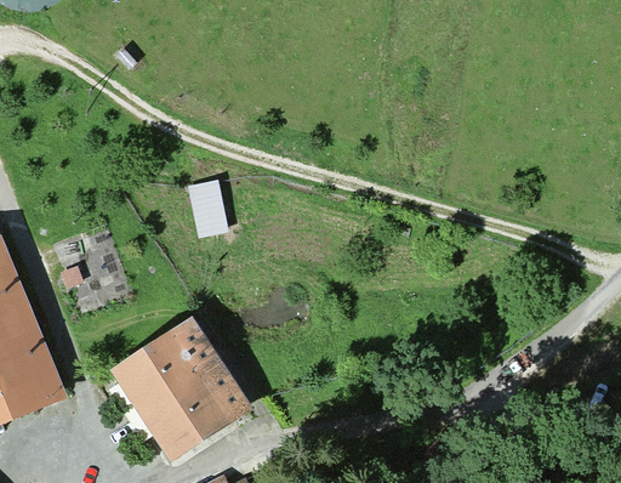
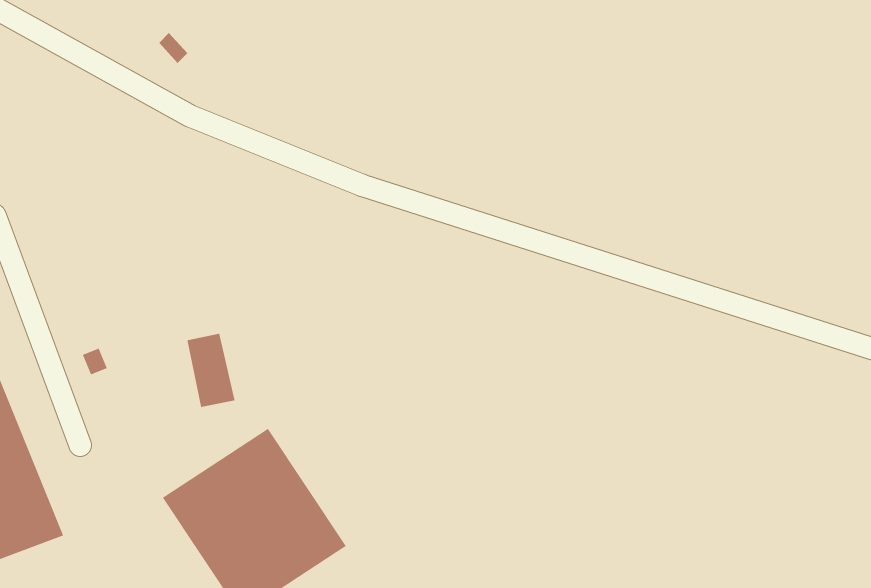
building: [189,182,223,234] -> [187,333,235,408]

